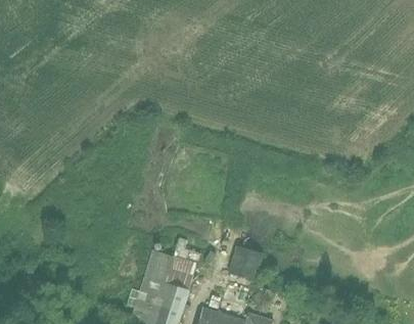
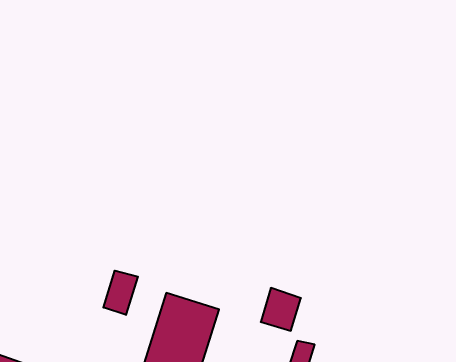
building: none -> [103,271,138,315]

